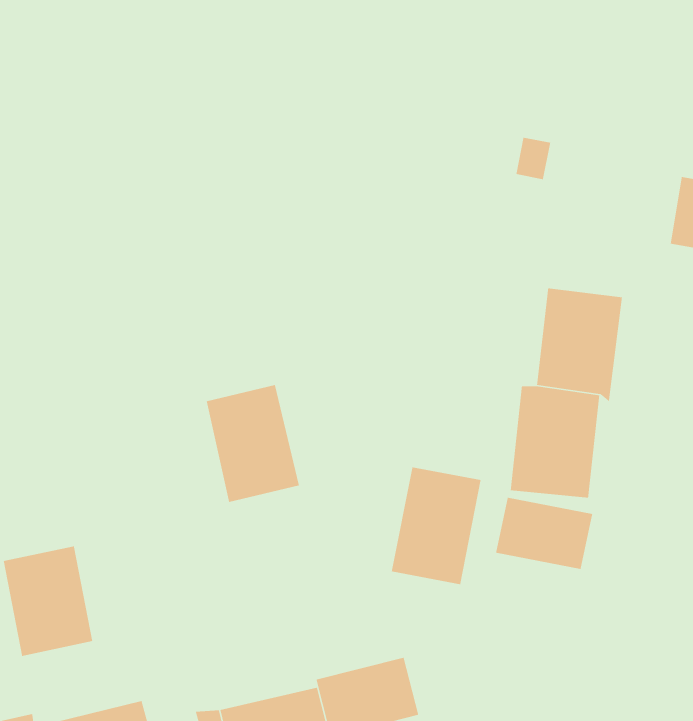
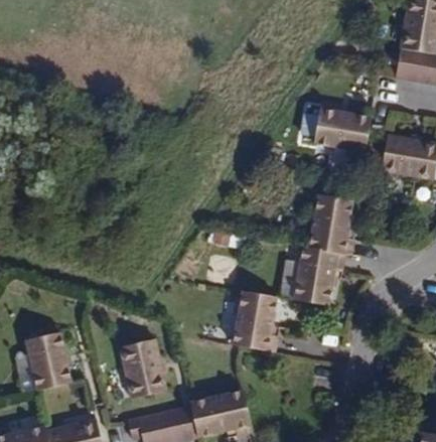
building: none -> [320,108,377,150]
building: [206,384,300,503] -> [118,338,168,402]
building: [495,497,593,570] -> none

